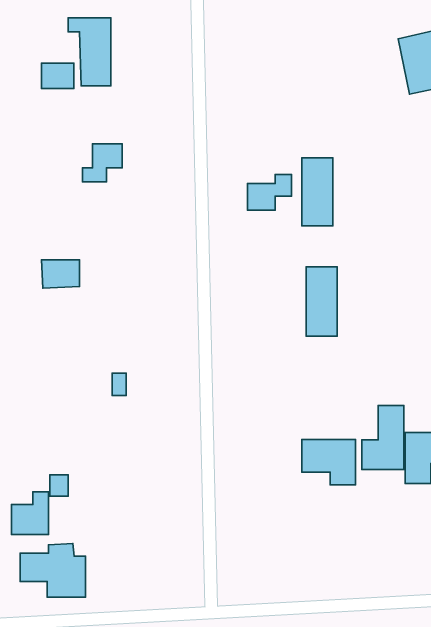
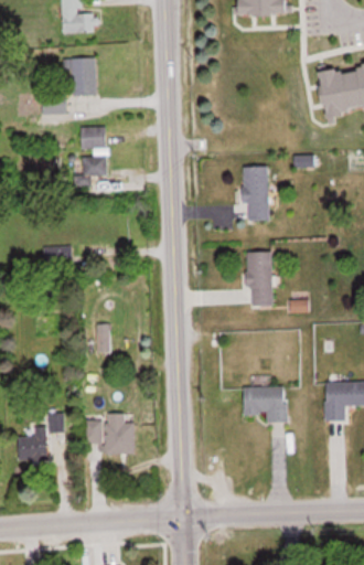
building: none -> [81,126,105,149]
building: [248,174,292,210] -> none
building: [362,405,404,470] -> none
building: [20,543,85,597] -> [84,413,135,455]

